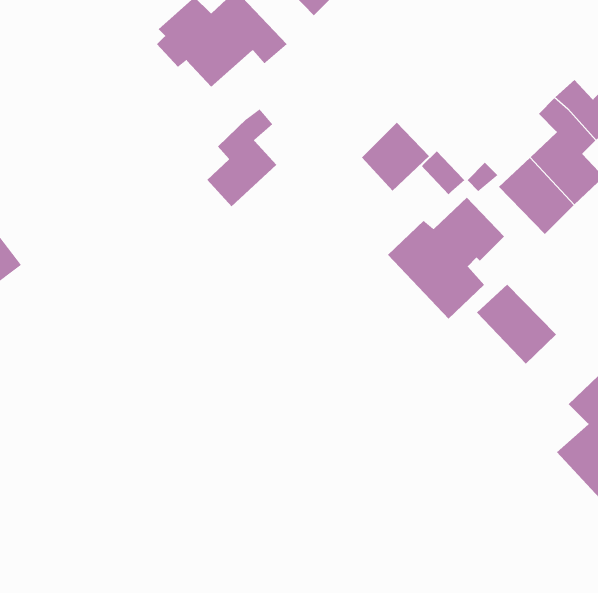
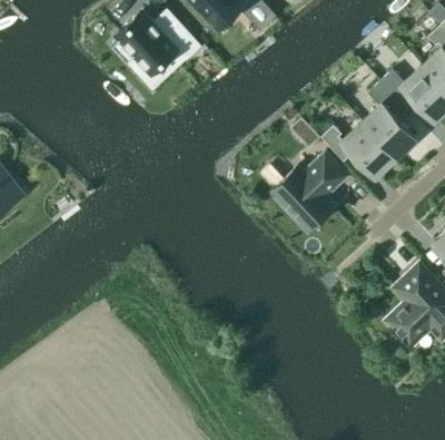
building: [206,108,277,207] -> none
building: [361,122,430,191] -> none
building: [476,284,557,365] -> none

